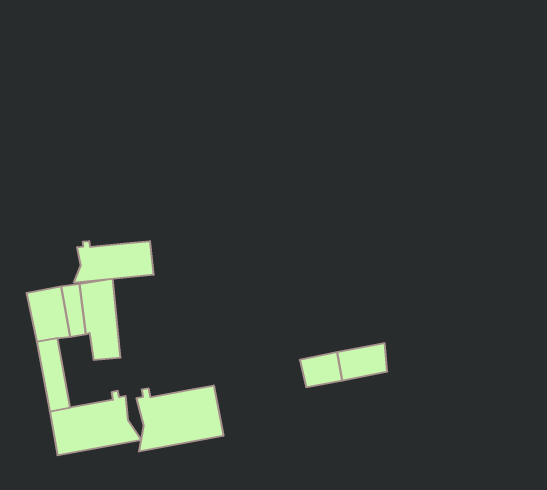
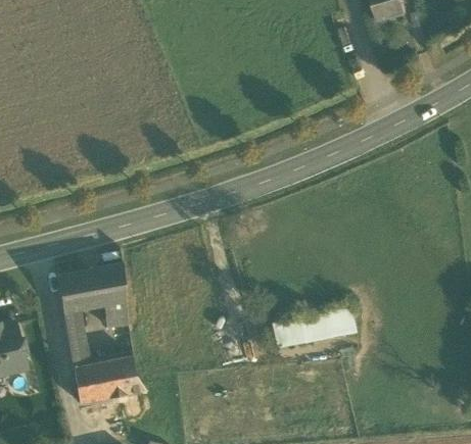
building: [74,241,154,283] -> none
building: [137,385,223,452] -> none

